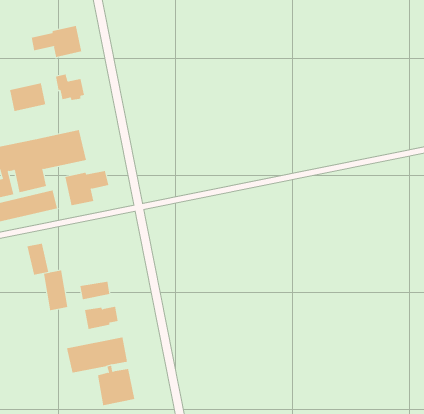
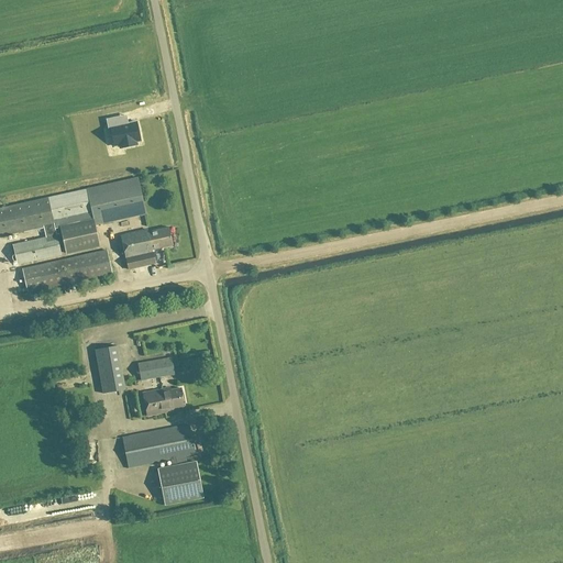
building: [31,25,82,58] -> none
building: [10,83,46,112] -> none
building: [27,243,49,276] -> none

